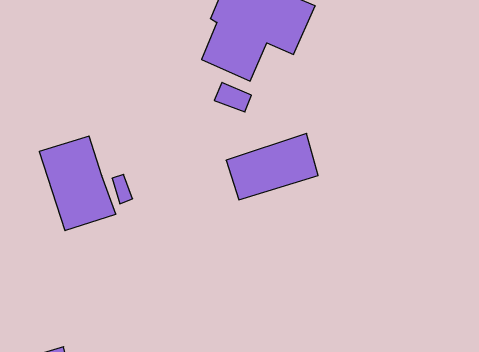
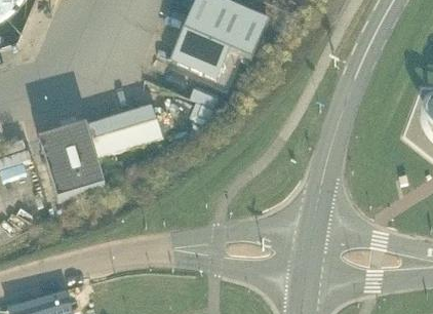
building: [226,133,318,200] -> [85,101,159,154]

